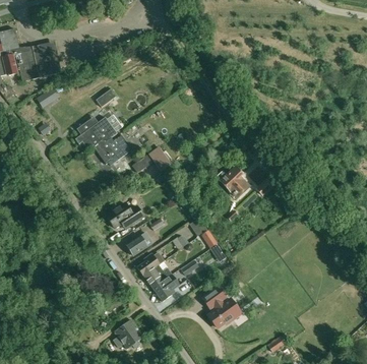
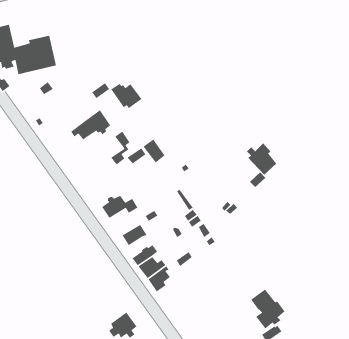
building: [91,138,124,165] -> [110,83,143,109]
building: [218,165,249,198] -> [246,142,277,176]
building: [202,286,238,327] -> [250,288,285,330]

